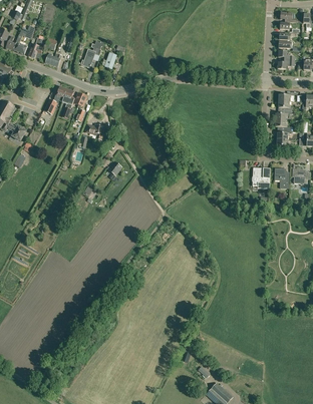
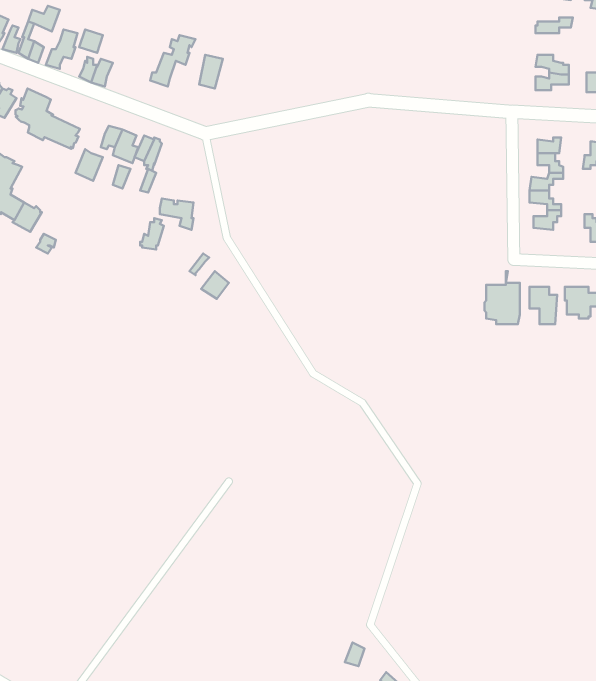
building: none -> [15,89,80,149]

